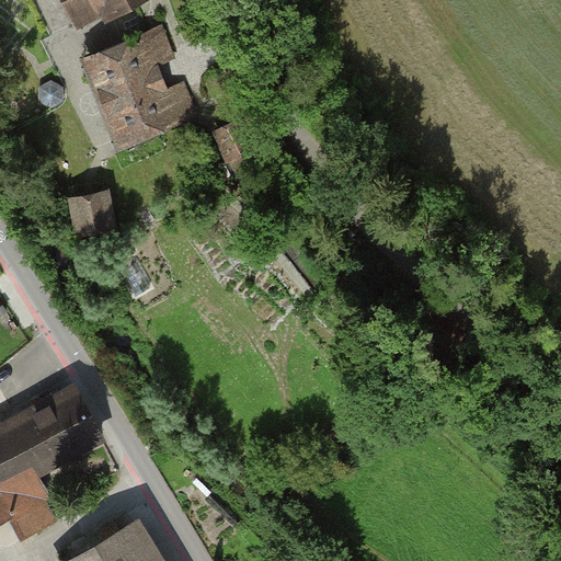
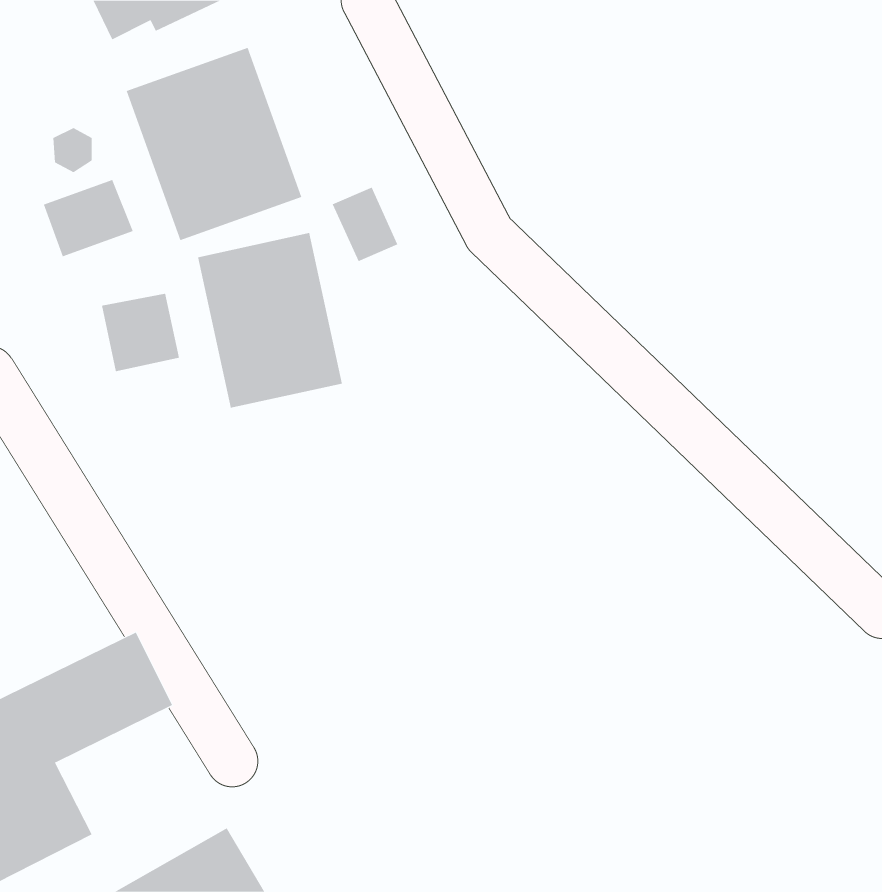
building: none -> [43,179,133,257]
building: none -> [197,232,342,409]

